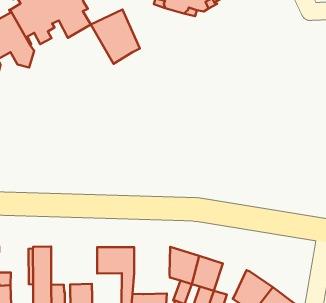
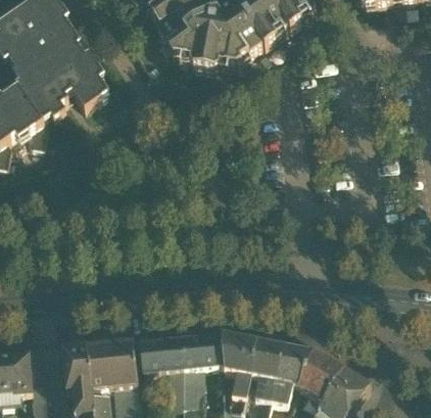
building: [91,9,140,64] -> none
building: none -> [88,341,138,388]
building: none -> [182,333,225,390]
building: none -> [277,346,312,383]

